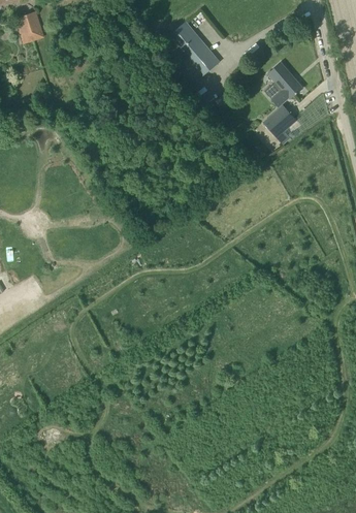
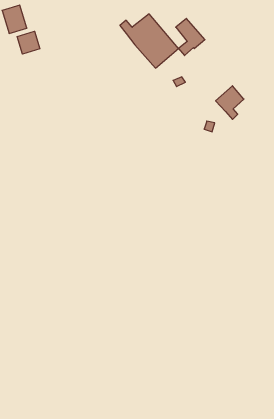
building: none -> [17,31,40,54]
building: [268,63,302,106] -> [176,18,205,56]

